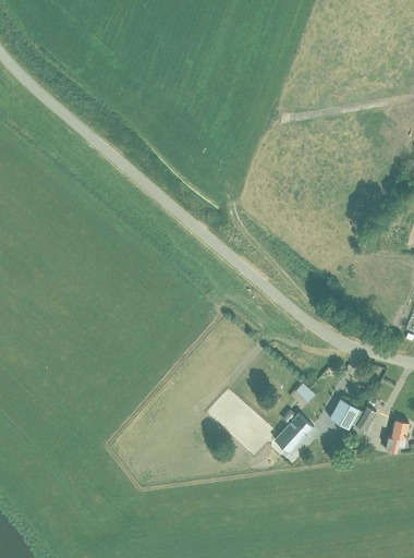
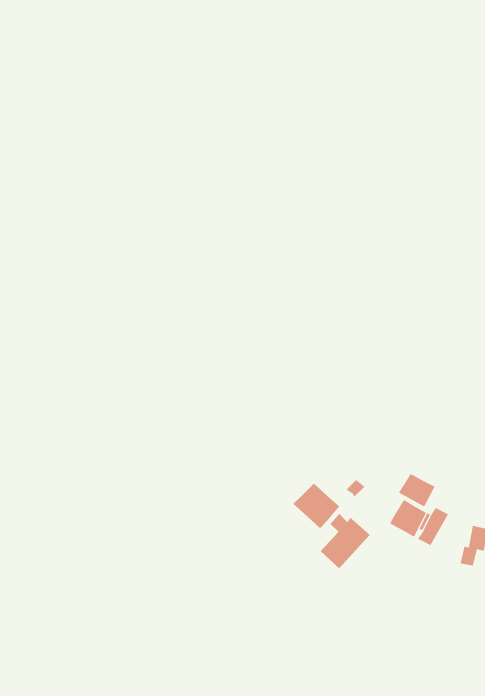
building: none -> [398,473,435,507]
building: none -> [293,483,340,529]

